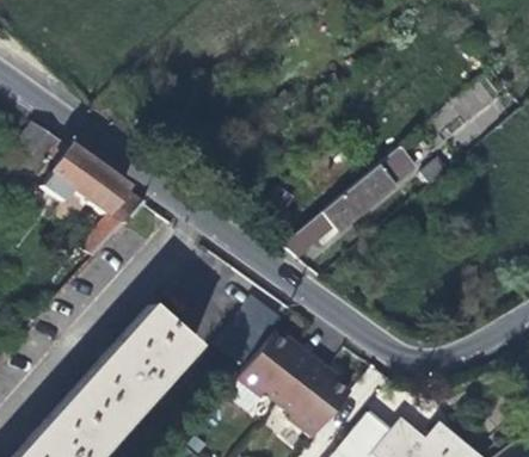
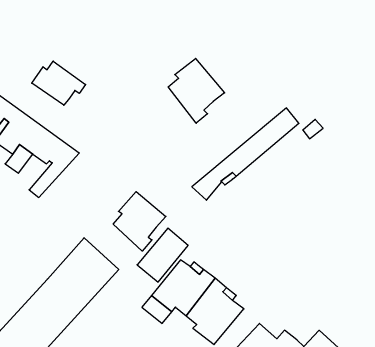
building: none -> [168,58,225,123]
building: none -> [32,61,86,105]
building: none -> [113,192,166,251]

